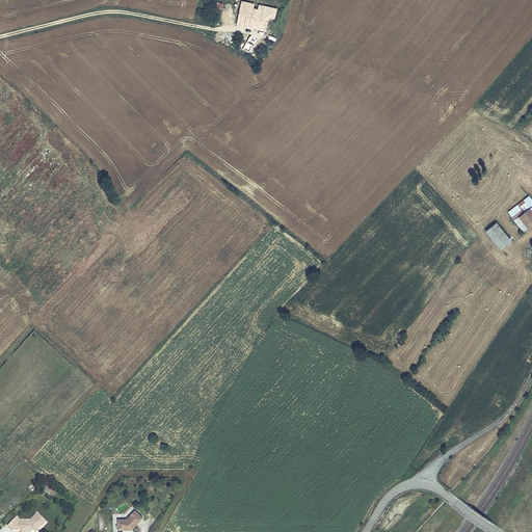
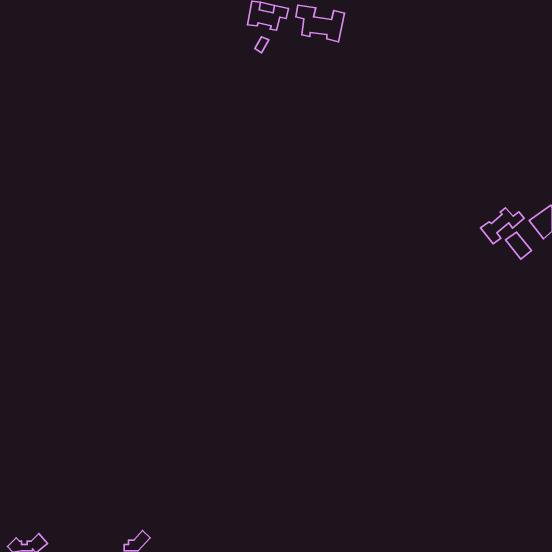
building: none -> [296,5,344,42]
building: none -> [481,208,524,244]

